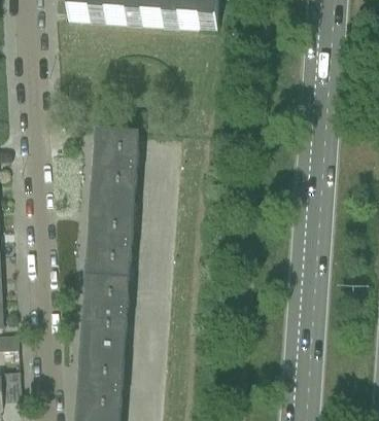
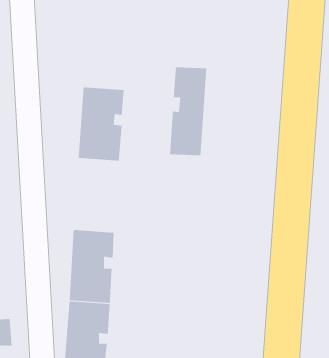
building: none -> [169,66,207,156]
building: [84,204,133,281] -> none

